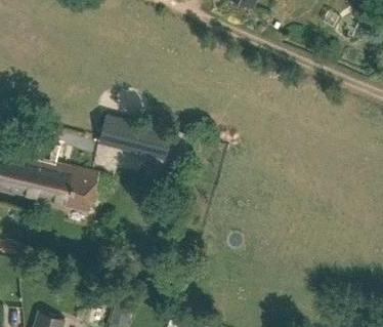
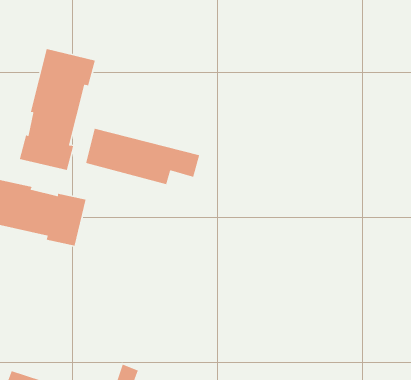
building: none -> [19,48,96,171]

